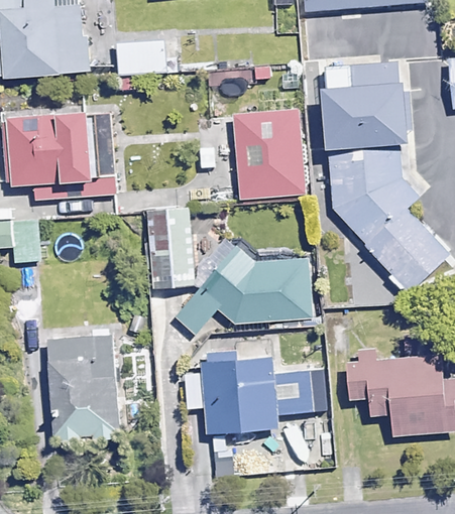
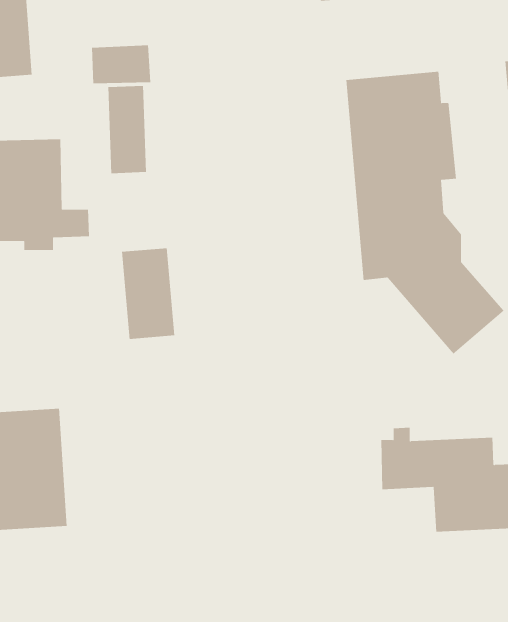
building: none -> [108,85,147,174]
building: [232,107,308,192] -> none
building: [174,245,310,333] -> none
building: [185,360,313,449] -> none

